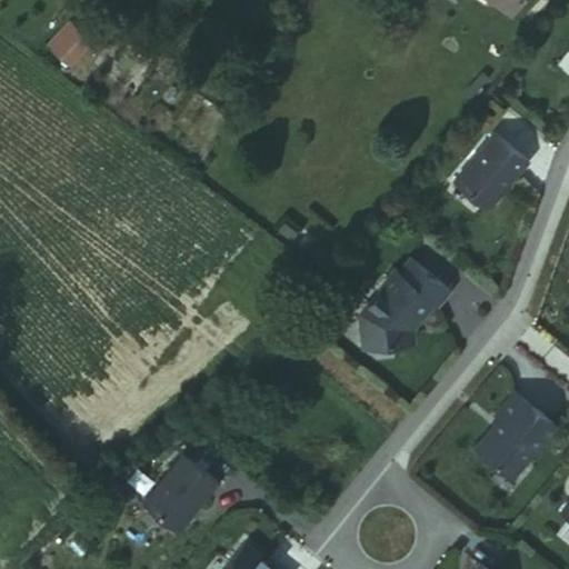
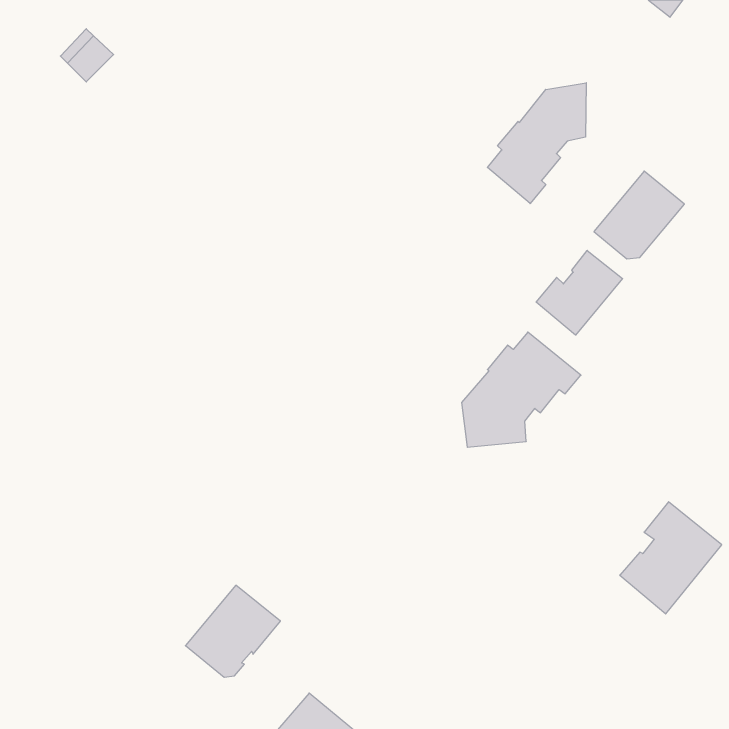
building: none -> [487,83,586,204]
building: none -> [536,250,623,335]

